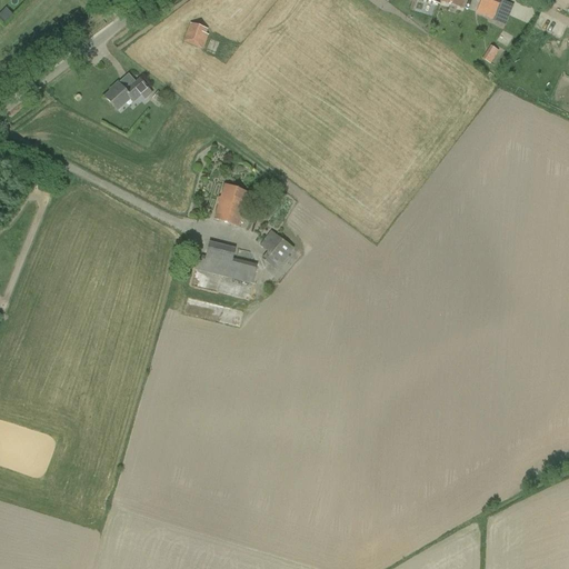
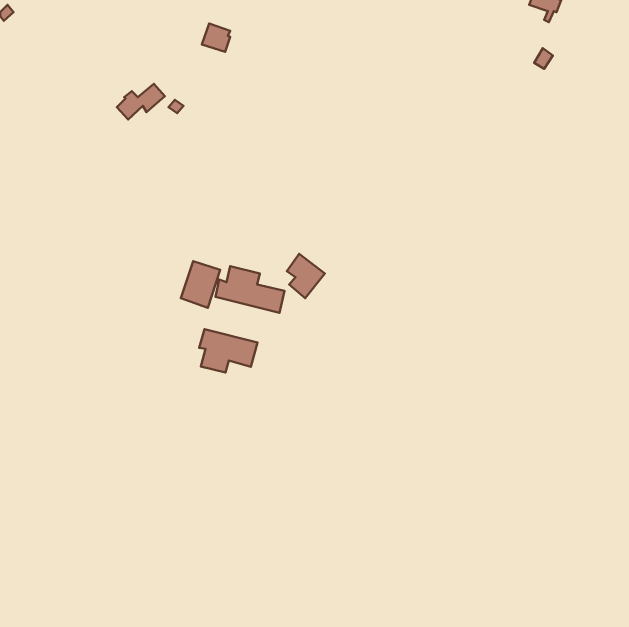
building: [213,183,249,226] -> [181,261,220,308]
building: none -> [199,329,258,373]

